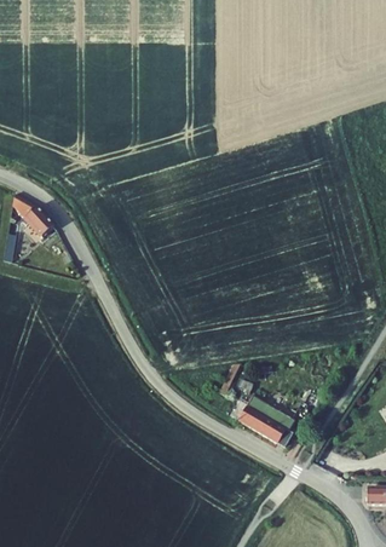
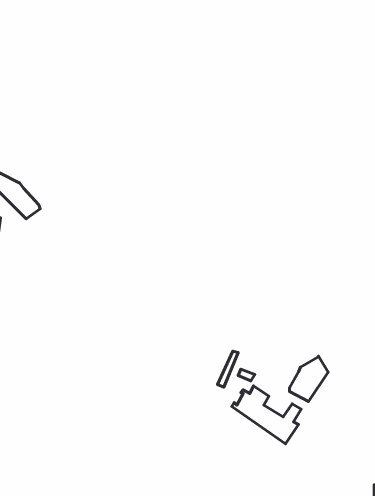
building: none -> [289,356,328,402]

